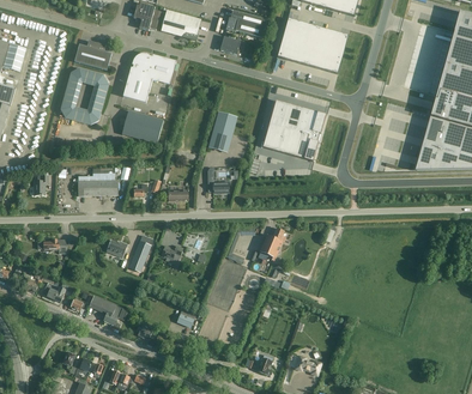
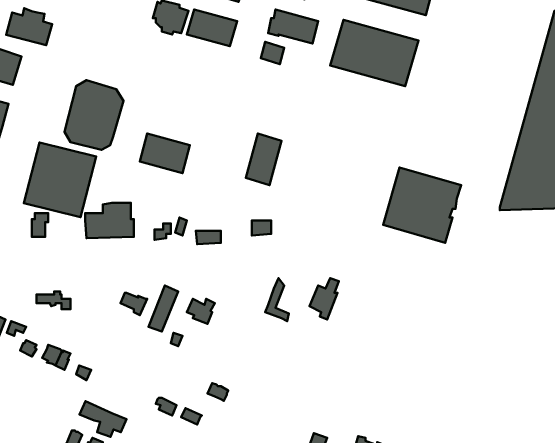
building: [74,40,111,69] -> [6,8,52,45]
building: [123,53,176,102] -> none
building: [262,99,326,160] -> [383,167,461,243]
building: none -> [24,142,96,217]
building: [90,295,128,323] -> [79,401,127,437]

